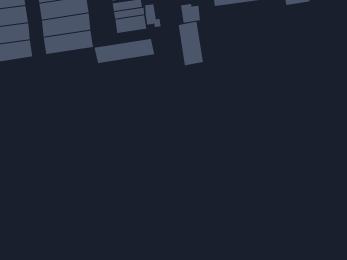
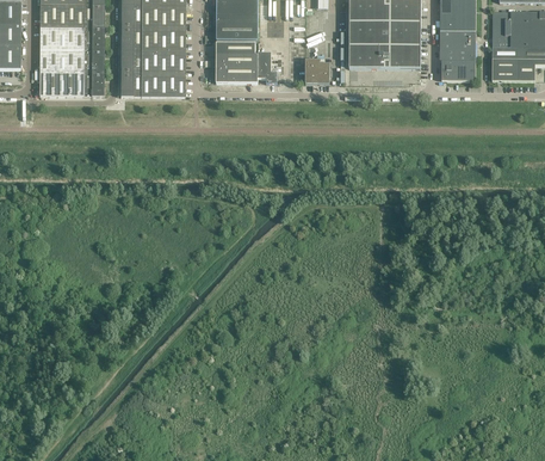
building: [178,21,203,66] -> none
building: [94,38,155,64] -> none

